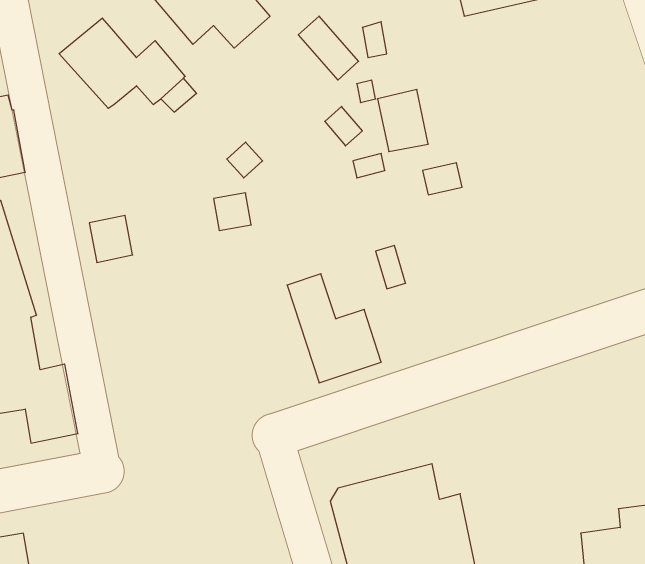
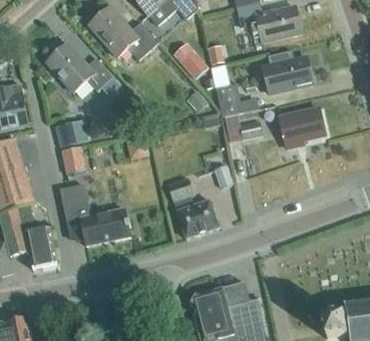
building: none -> [264,49,312,92]
building: none -> [278,107,324,146]
building: none -> [55,119,87,146]
building: none -> [60,183,129,245]

